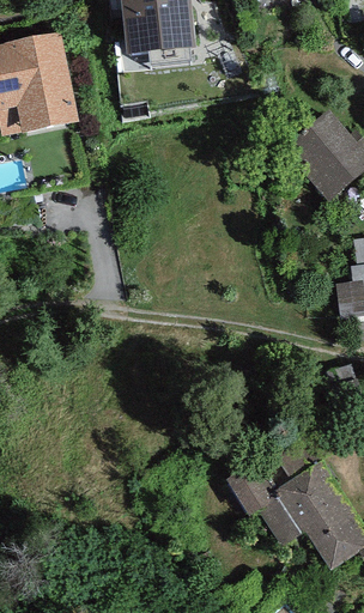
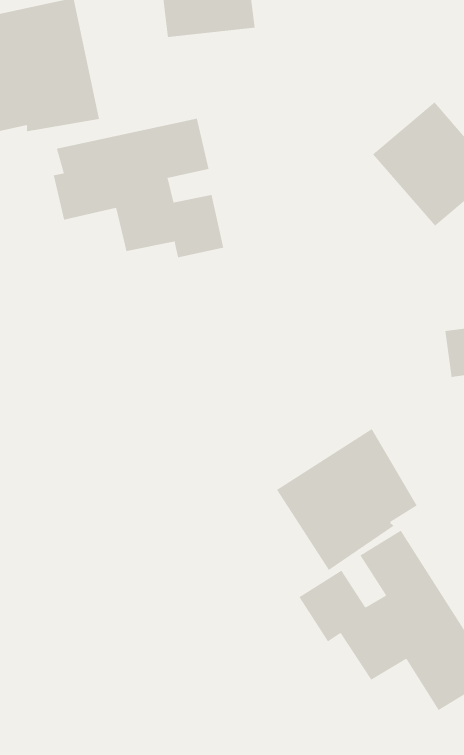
building: none -> [53,118,224,258]
building: none -> [276,428,418,571]

